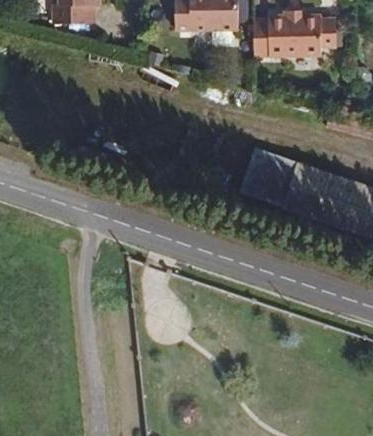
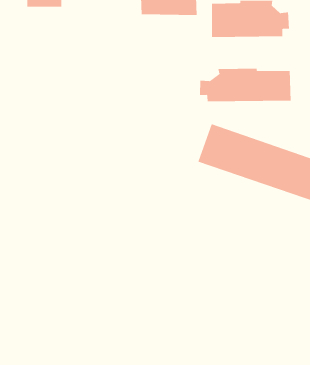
building: none -> [199,68,291,102]

